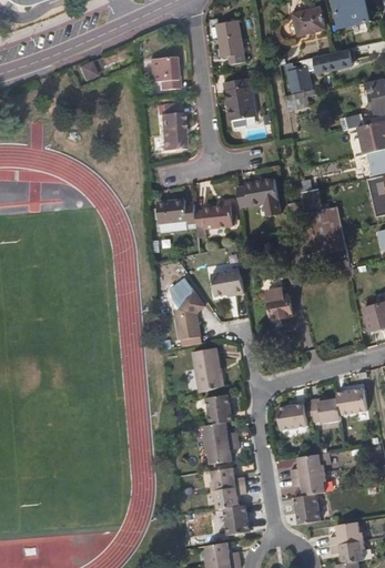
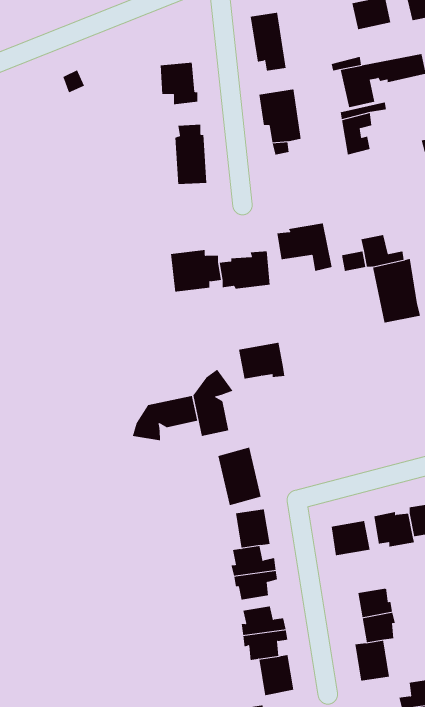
building: [266,288,292,318] -> none
building: none -> [132,395,198,441]

